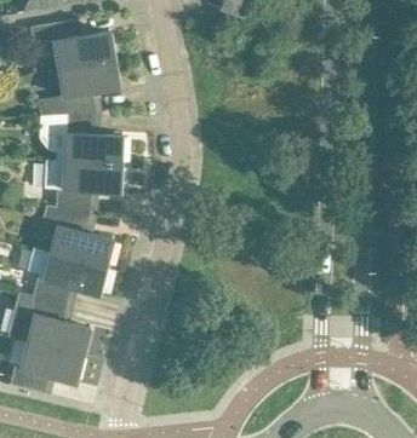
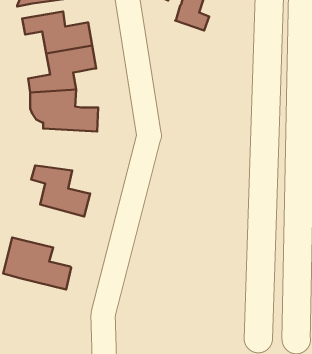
building: [42,160,119,211] -> none
building: [25,248,103,304] -> none
building: [7,341,81,393] -> none

